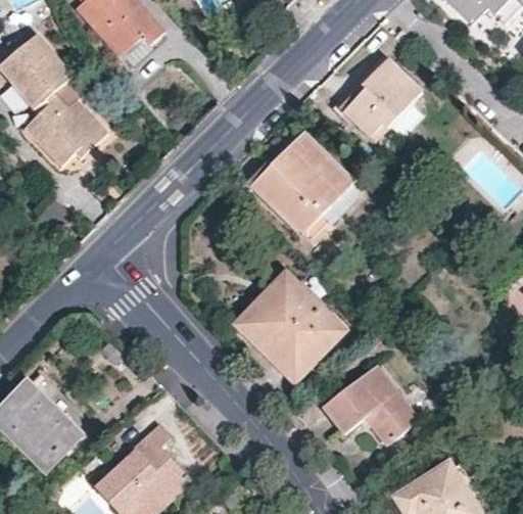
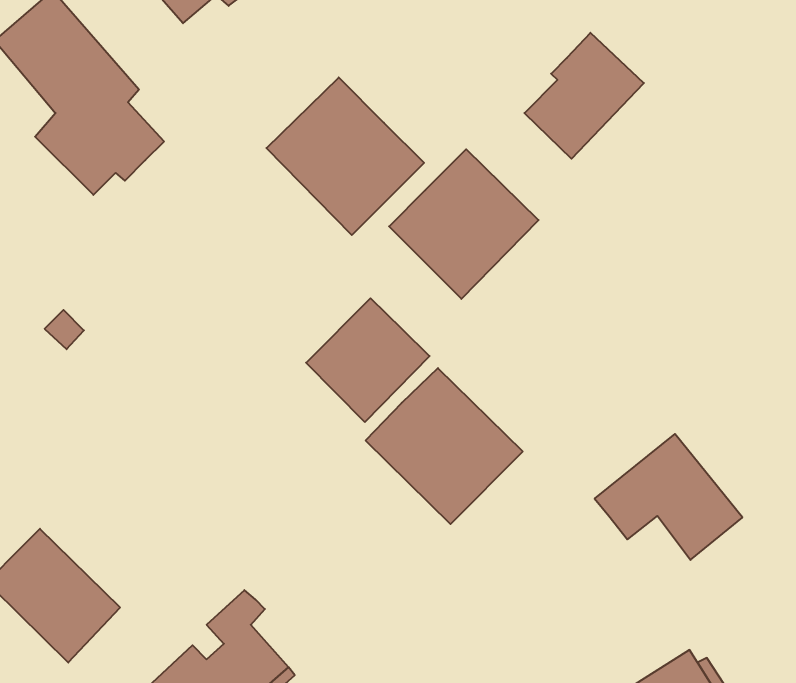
building: none -> [266,77,424,235]
building: none -> [306,298,430,422]
building: [323,364,419,446] -> [595,434,742,560]

